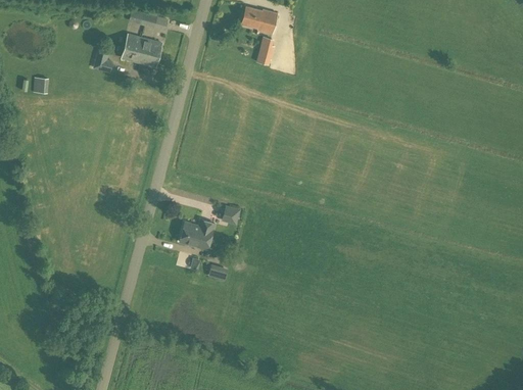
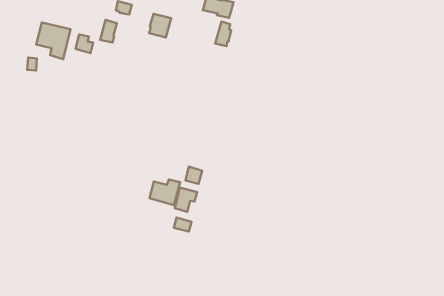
building: none -> [36,23,71,59]
building: [136,38,161,65] -> [149,14,171,38]
building: none -> [175,187,197,212]

